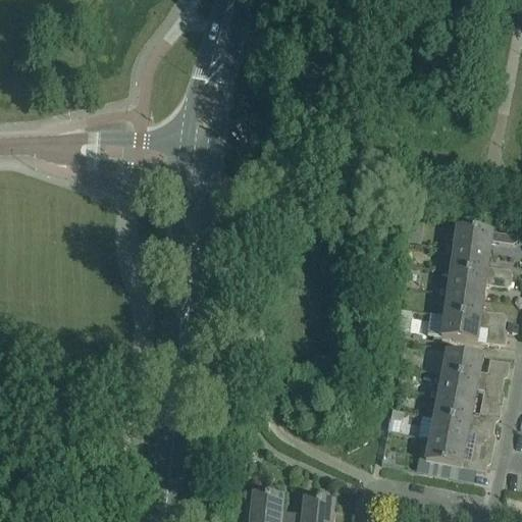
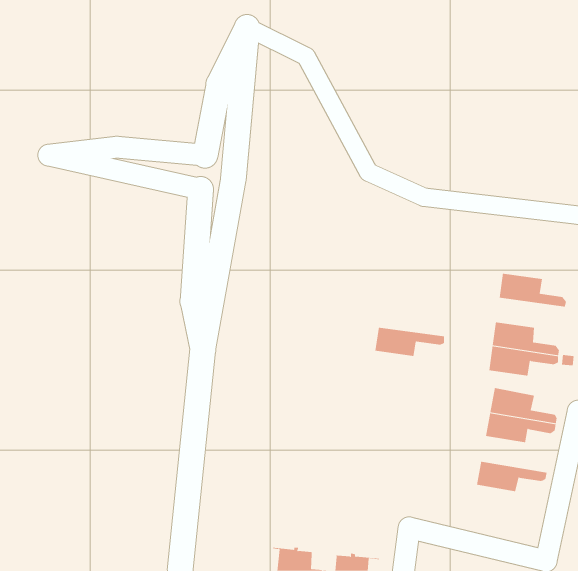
building: [452,224,515,251] -> none
building: [446,268,509,295] -> [375,327,445,357]
building: [432,393,493,425] -> none
building: [424,436,485,469] -> none

